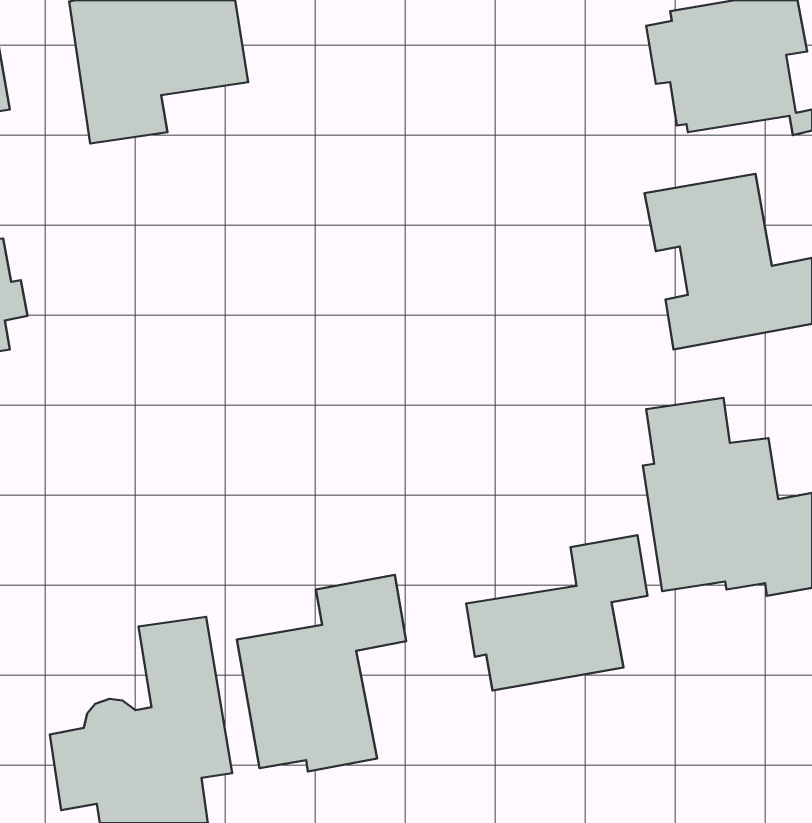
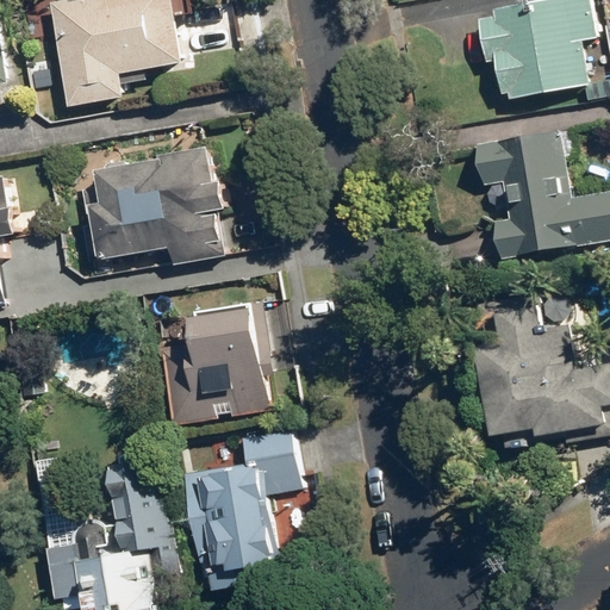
building: none -> [82,147,228,263]
building: none -> [157,306,274,425]
building: [466,535,647,691] -> none

